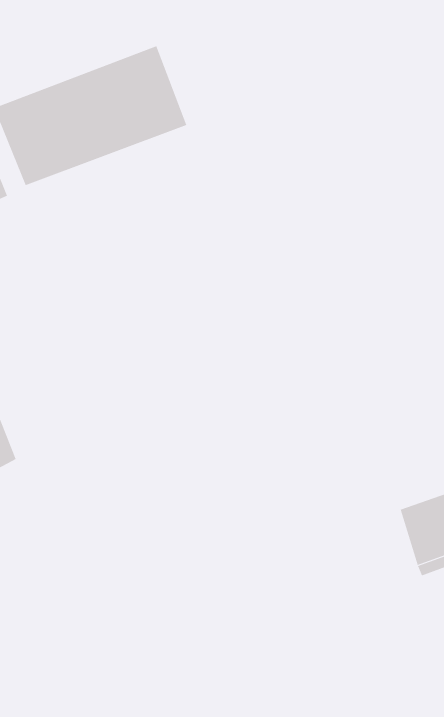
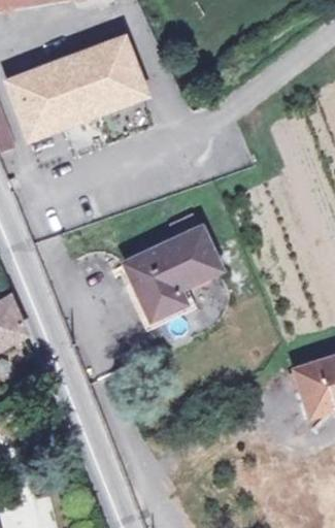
building: none -> [124,211,220,318]

